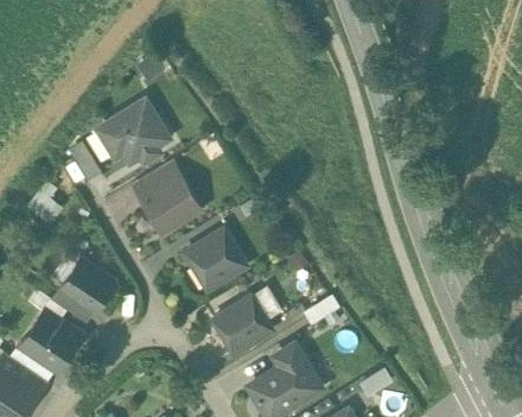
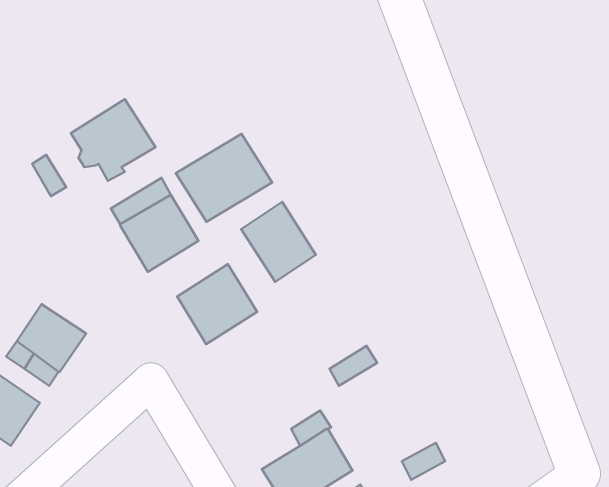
building: none -> [176,134,272,222]
building: none -> [241,202,316,282]
building: [212,297,272,355] -> none

